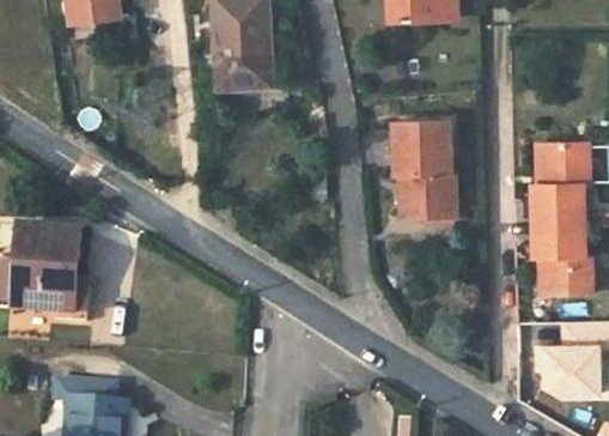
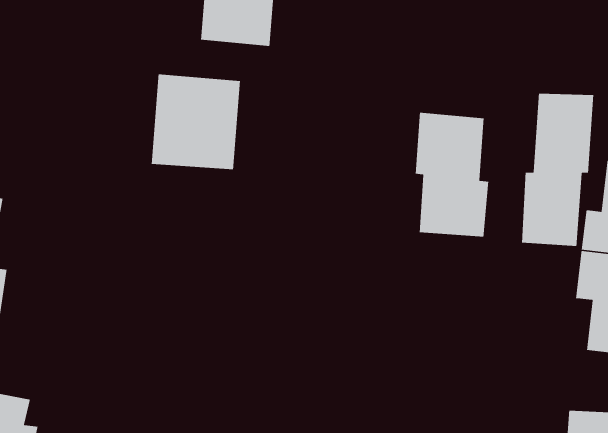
building: none -> [521,93,594,247]
building: none -> [151,74,241,170]

